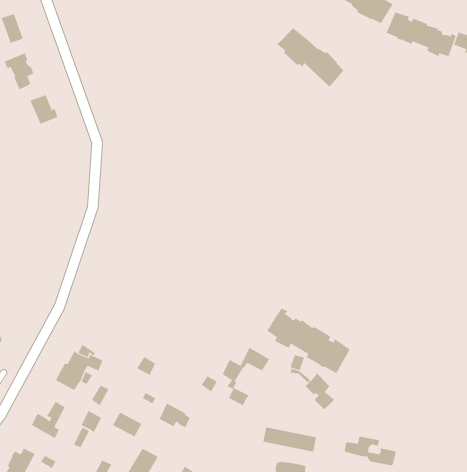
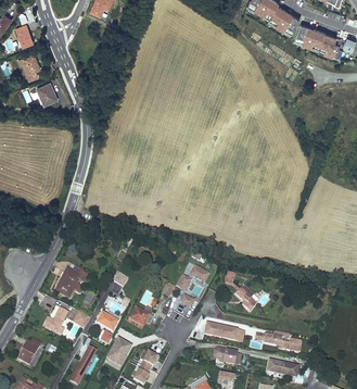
building: [276,27,344,87] -> none
building: [266,308,350,374] -> none

